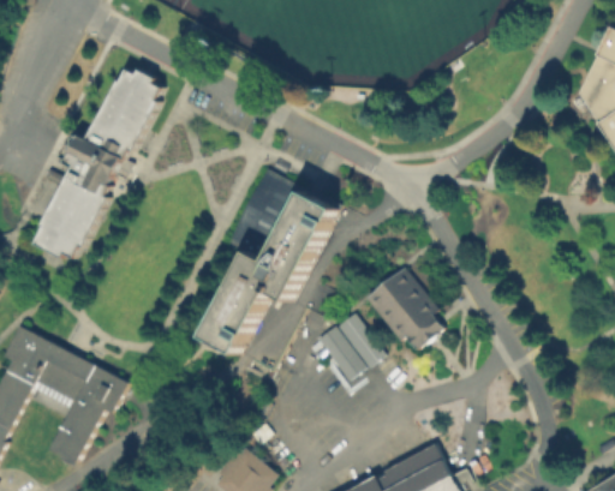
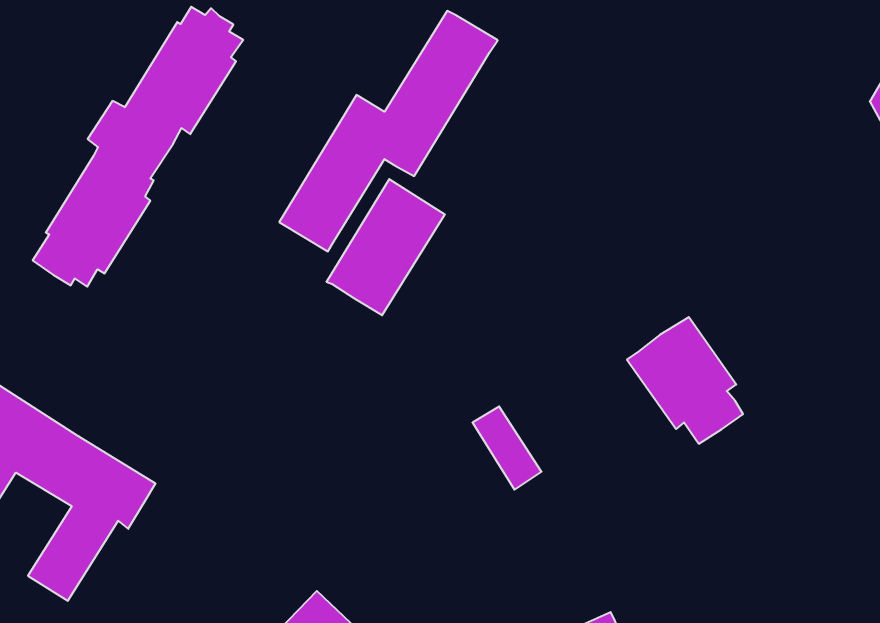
building: [204,188,339,353] -> [279,11,498,251]
building: [365,265,444,348] -> [627,317,743,444]
building: [314,325,363,379] -> none

